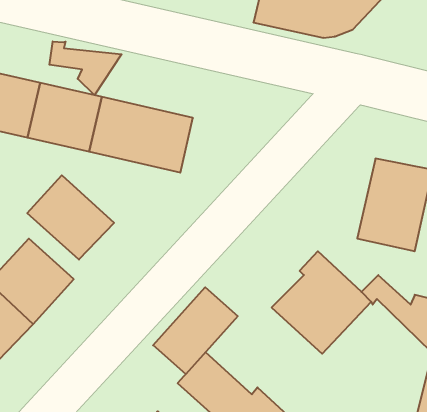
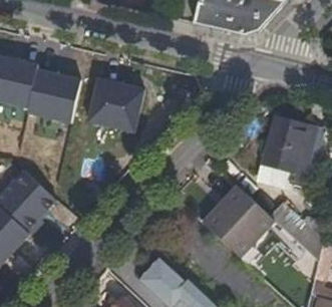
building: [49,41,122,95] -> none
building: [27,175,114,260] -> none
building: [153,287,238,374] -> none

